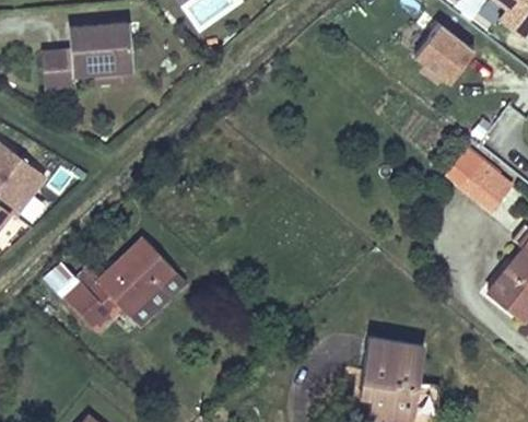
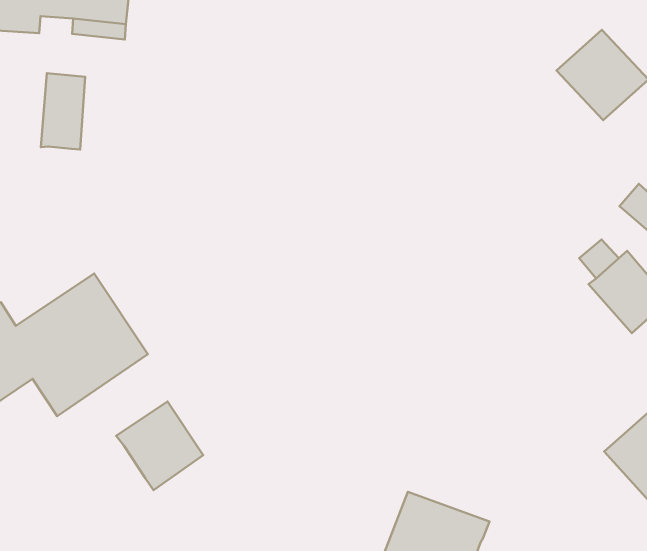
building: none -> [41,73,85,150]
building: none -> [116,401,203,490]

